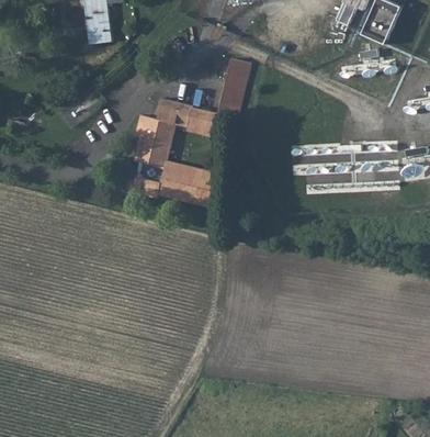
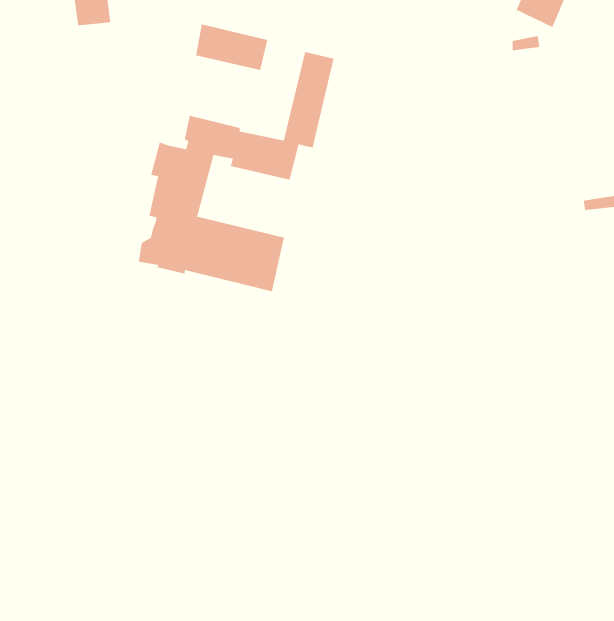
building: none -> [195,24,268,71]

